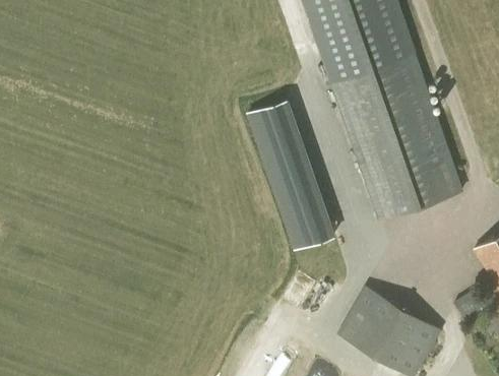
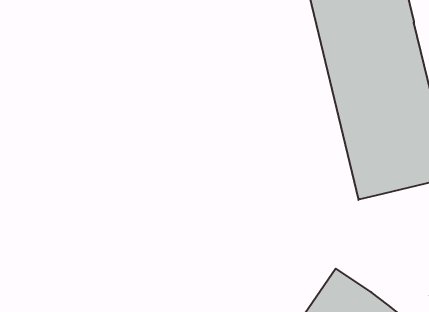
building: [250,97,338,250] -> none

